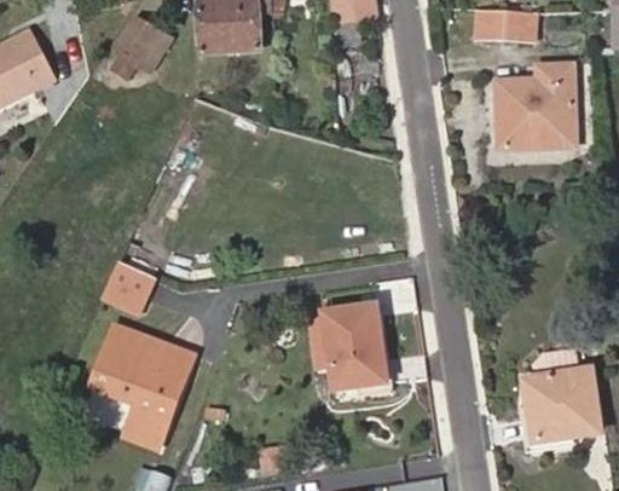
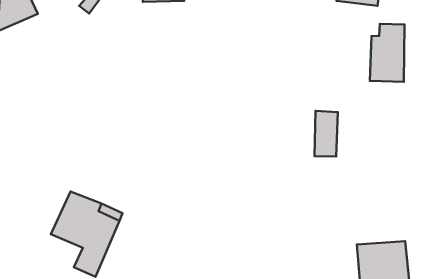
building: [496,83,528,148] -> [315,111,338,157]
building: [104,258,154,307] -> none
building: [324,302,383,389] -> none

